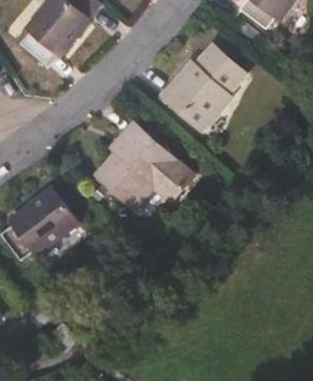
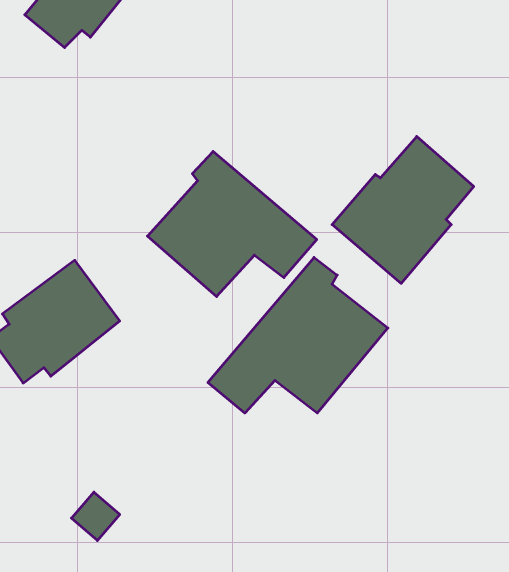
building: [162,44,246,130] -> [332,136,474,283]
building: none -> [208,257,388,413]

